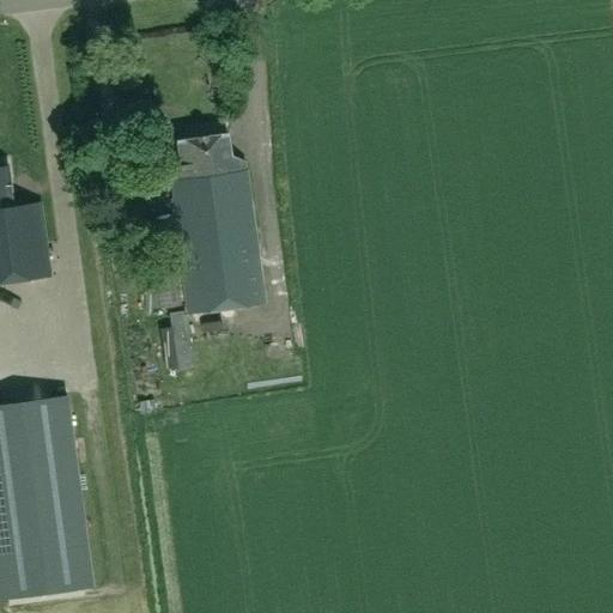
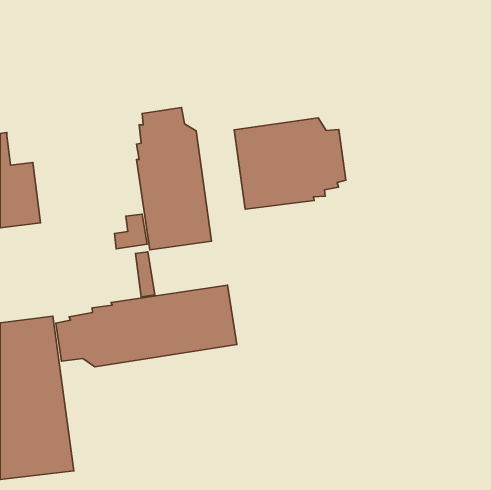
building: none -> [234,118,346,209]
building: none -> [56,285,237,367]

